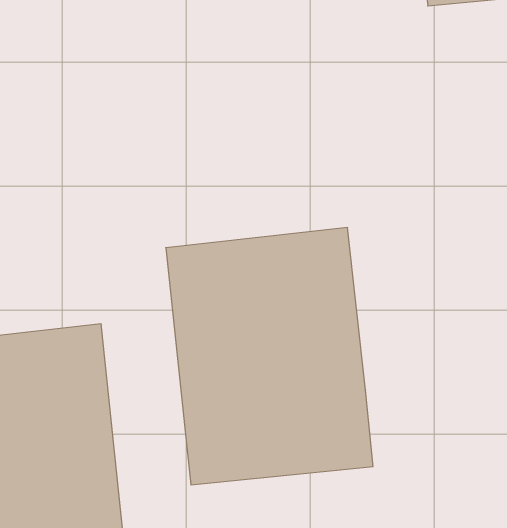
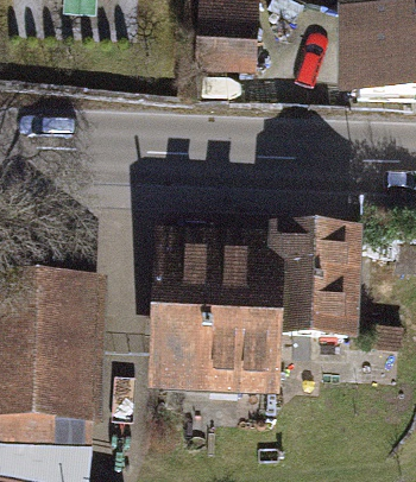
building: none -> [278,222,363,341]

